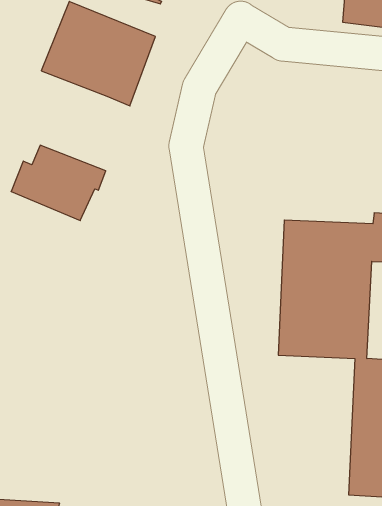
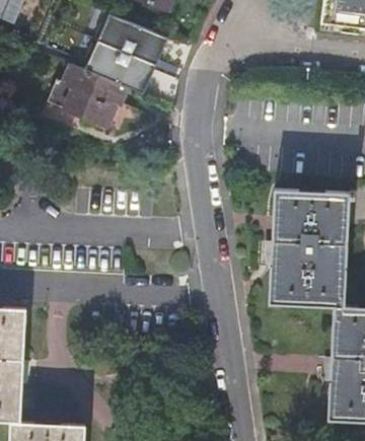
building: [11,145,106,221] -> [47,65,126,128]

